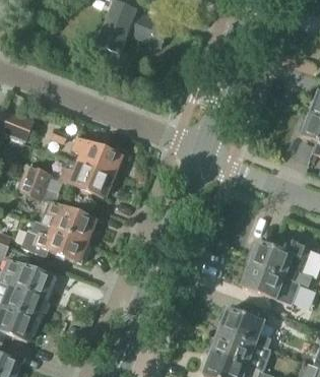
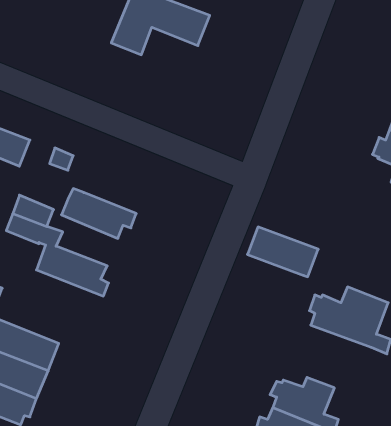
building: [71,137,122,178] -> none
building: [21,219,91,261] -> none
building: [244,264,299,303] -> [247,227,318,277]

